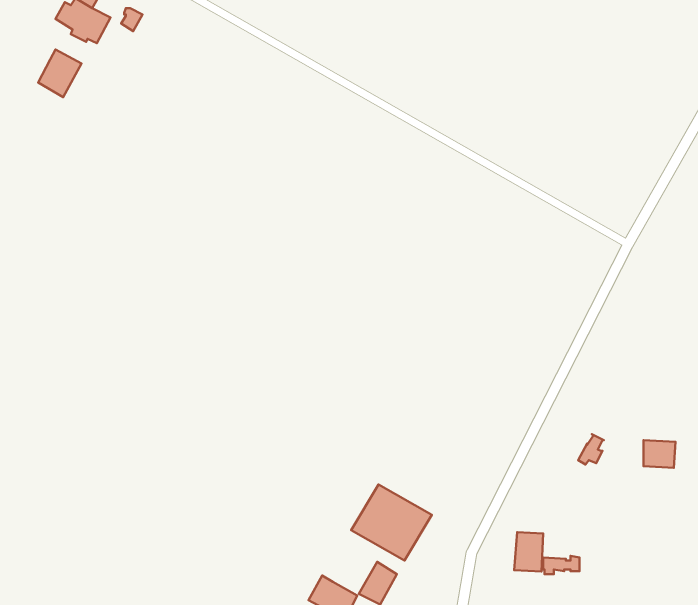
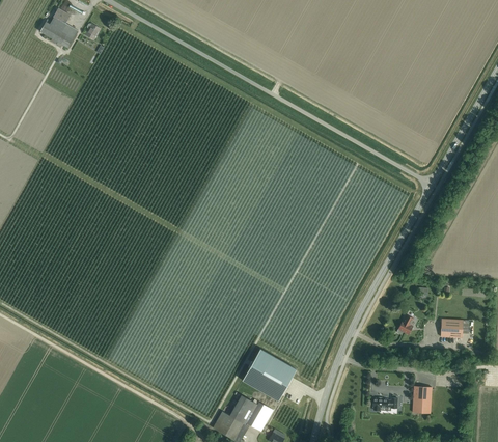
building: [38,50,82,97] -> none
building: [514,532,543,572] -> [412,386,432,413]
building: none -> [229,394,259,424]

